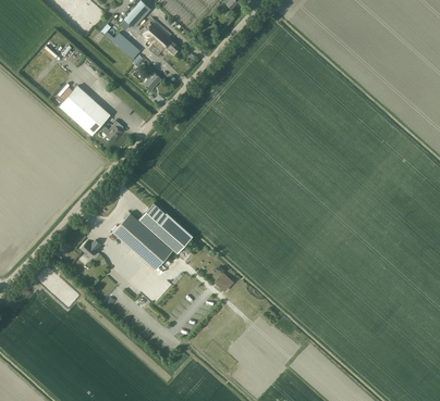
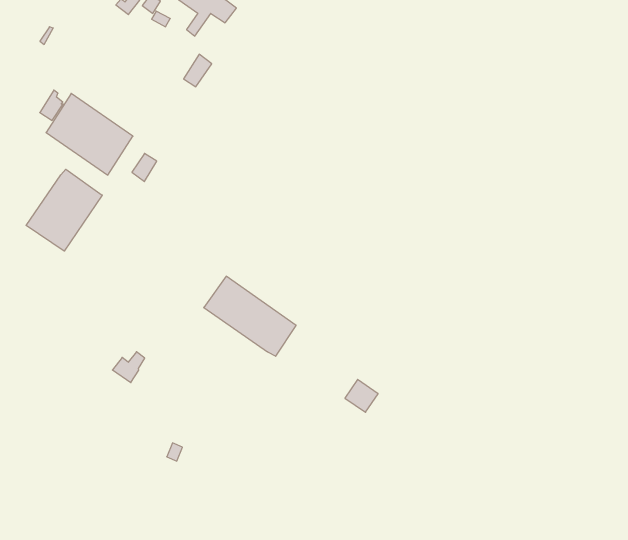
building: none -> [26,169,102,251]
building: [112,212,172,268] -> none

